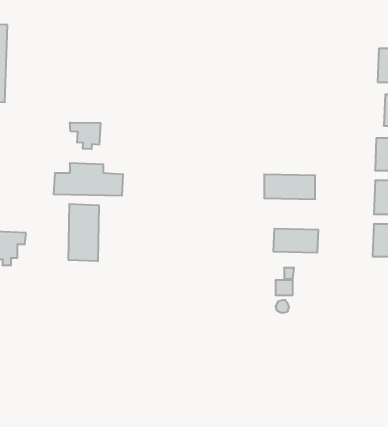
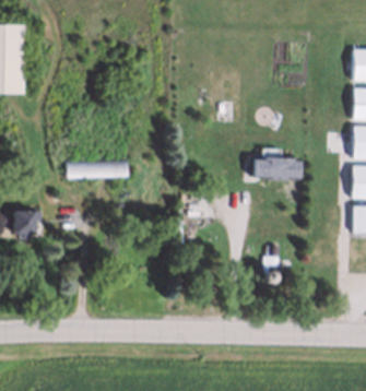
building: [70,122,101,149] -> none
building: [69,204,99,261] -> none
building: [273,229,318,253] -> none

